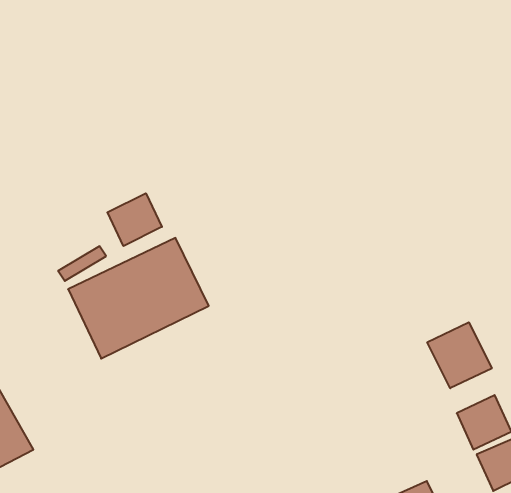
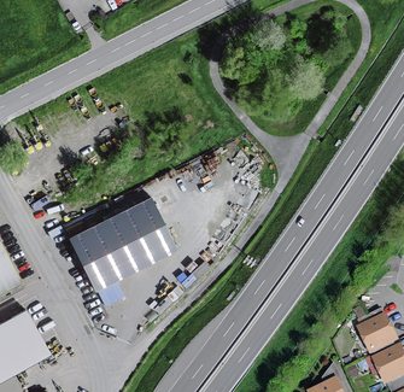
building: [107,193,162,246] -> none
building: [427,322,492,388] -> none

